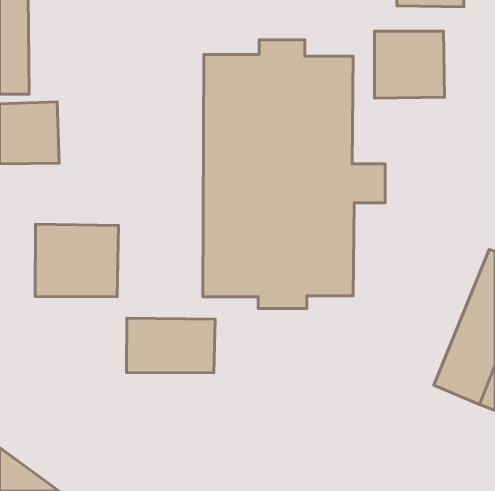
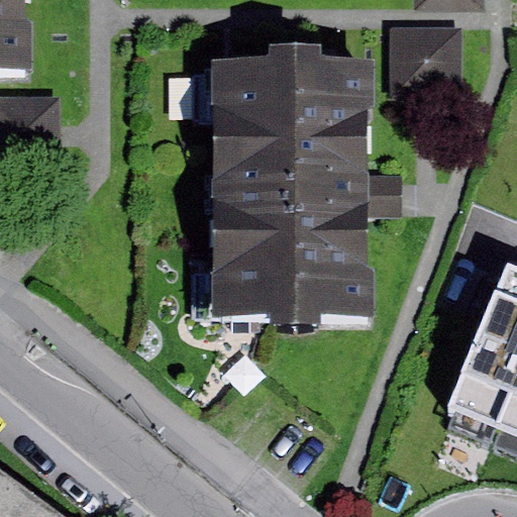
building: [35,224,119,297] -> none
building: [127,318,215,373] -> none

